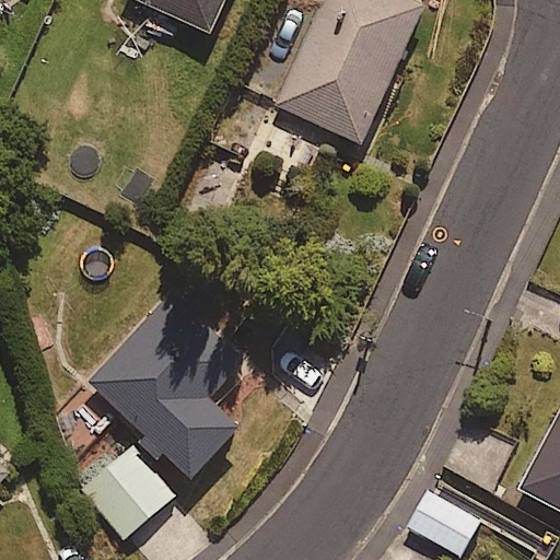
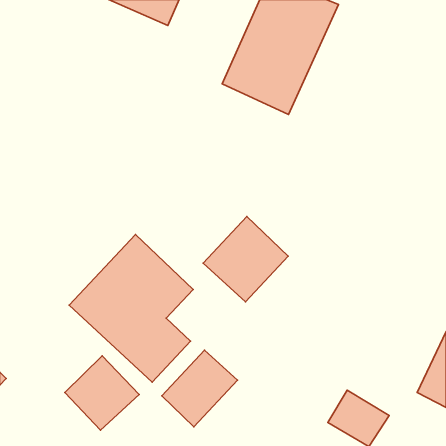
building: none -> [203,216,288,302]
building: none -> [162,350,238,427]

